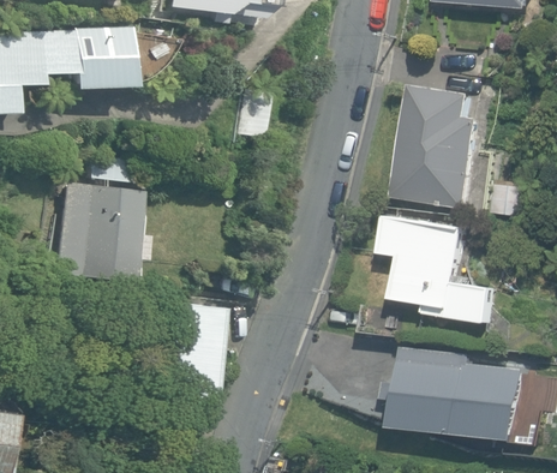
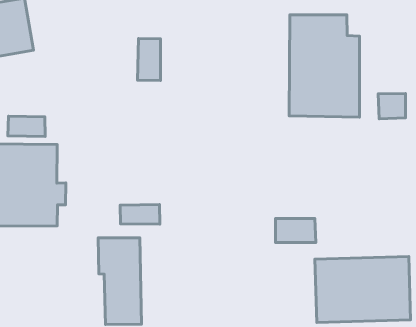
building: [384,215,504,324] -> none

